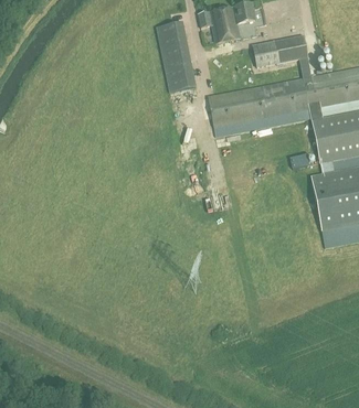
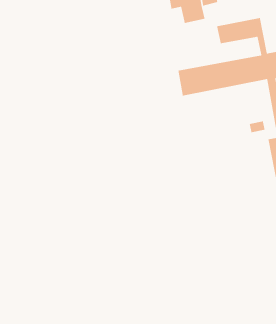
building: [157,23,197,94] -> none

